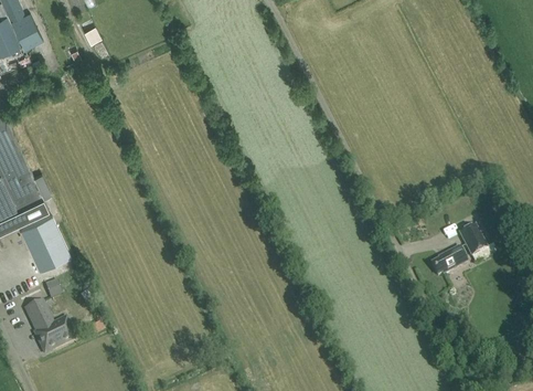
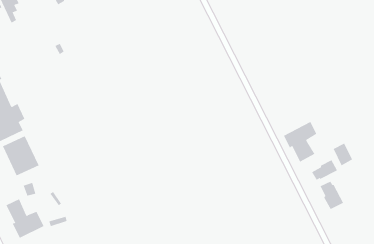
building: none -> [283,121,317,162]
building: none -> [320,181,344,210]

